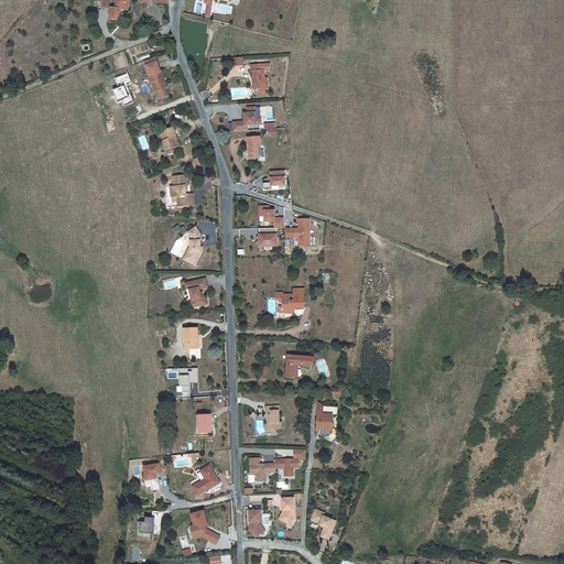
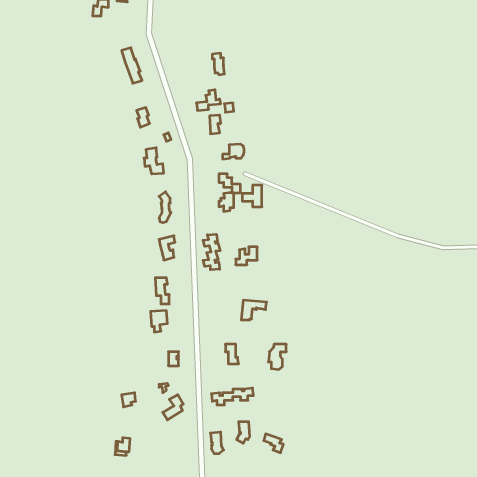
building: none -> [203,234,220,270]
building: [191,510,219,543] -> none

